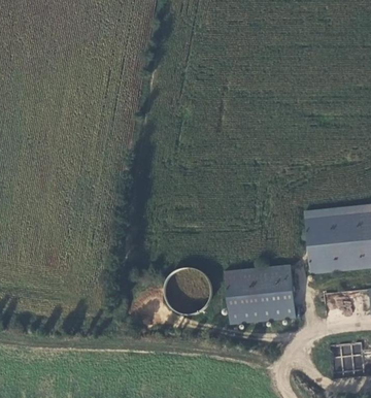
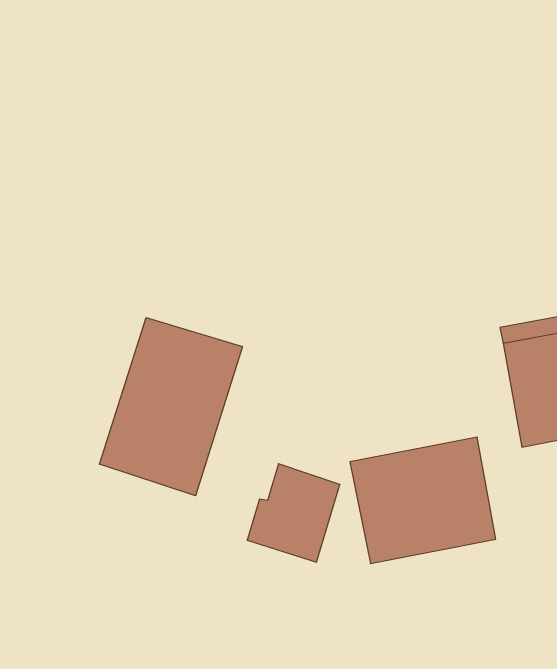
building: none -> [100,318,243,496]

